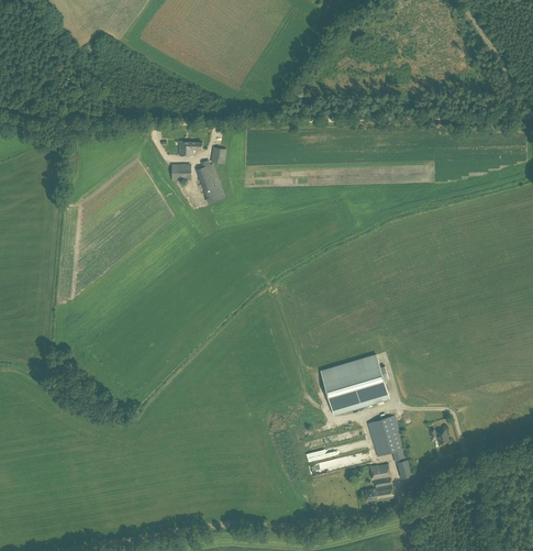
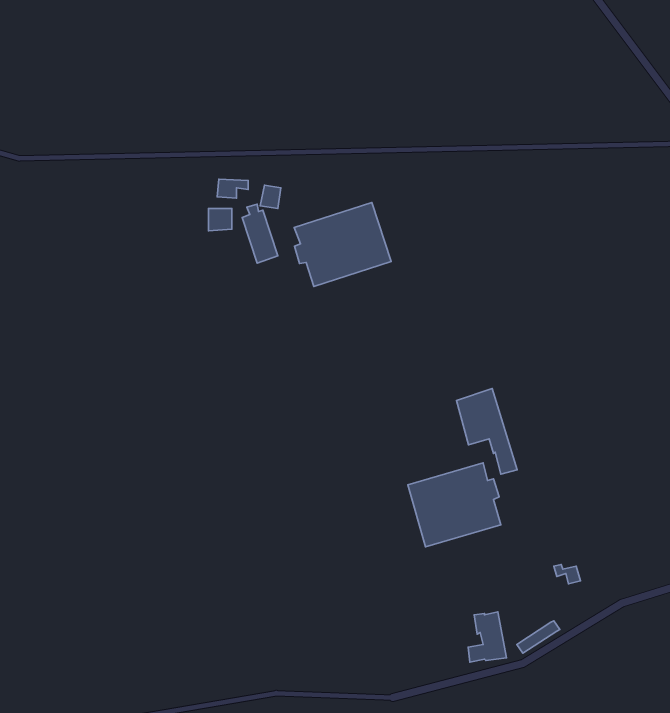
building: none -> [294,202,391,286]
building: [367,414,412,477] -> [457,389,517,474]

